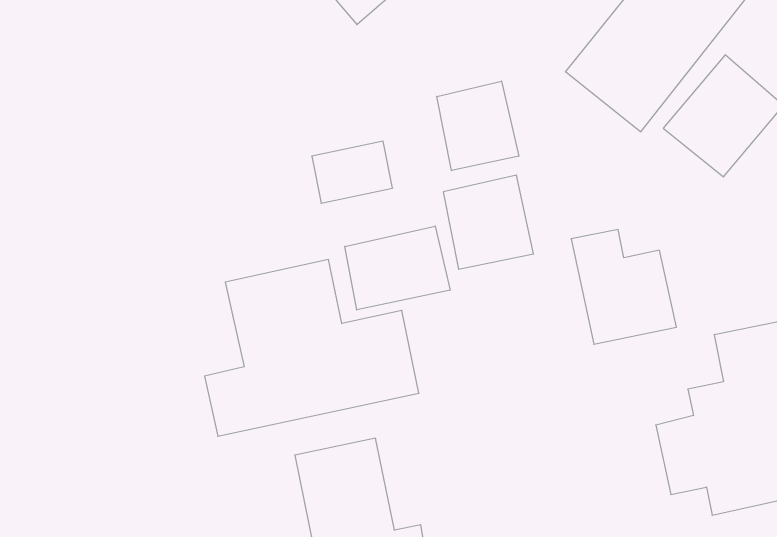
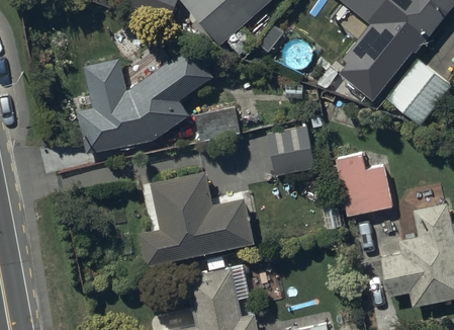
building: none -> [75,44,213,154]
building: [437,81,519,171] -> none
building: [345,226,450,310] -> none

